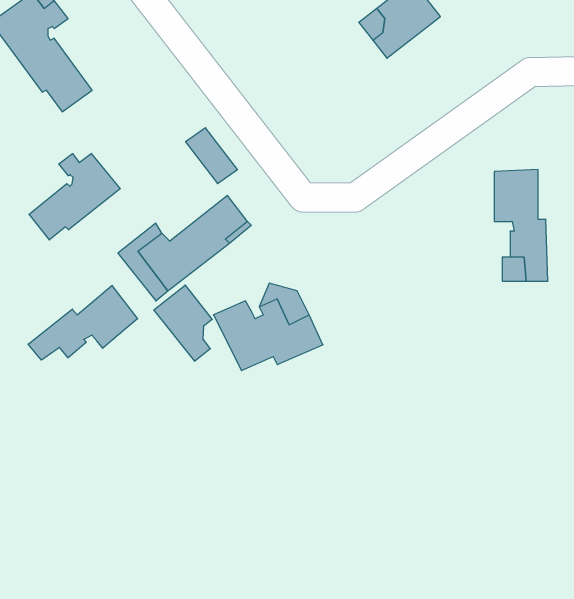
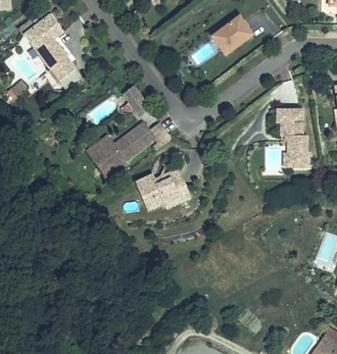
building: [29,153,120,240] -> none
building: [154,285,212,361] -> none
building: [28,285,138,360] -> none

